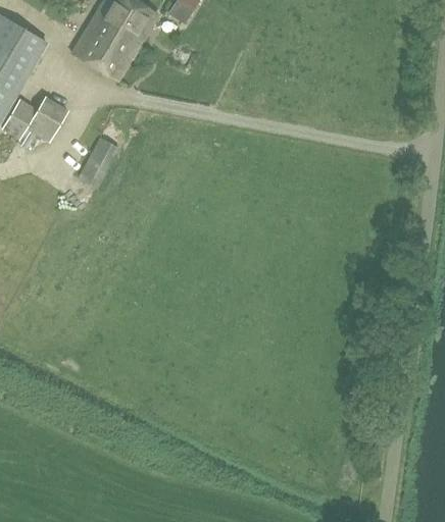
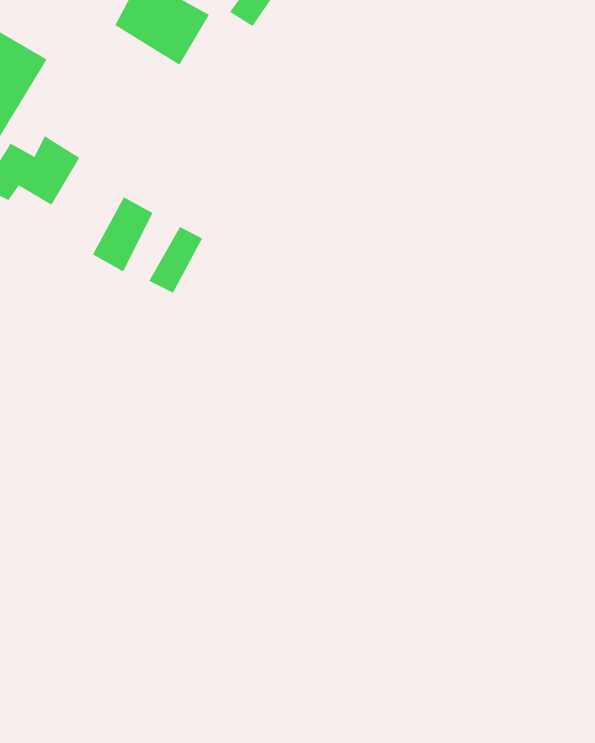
building: [71,18,137,80] -> none
building: none -> [148,226,203,293]

